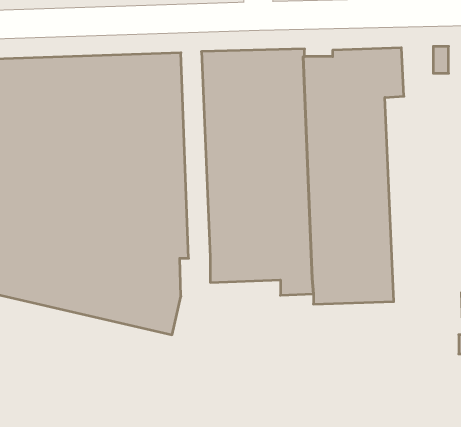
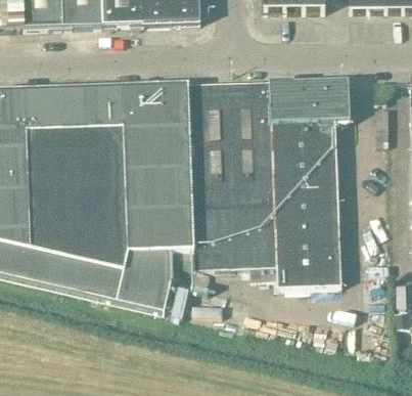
building: none -> [171,82,194,248]

